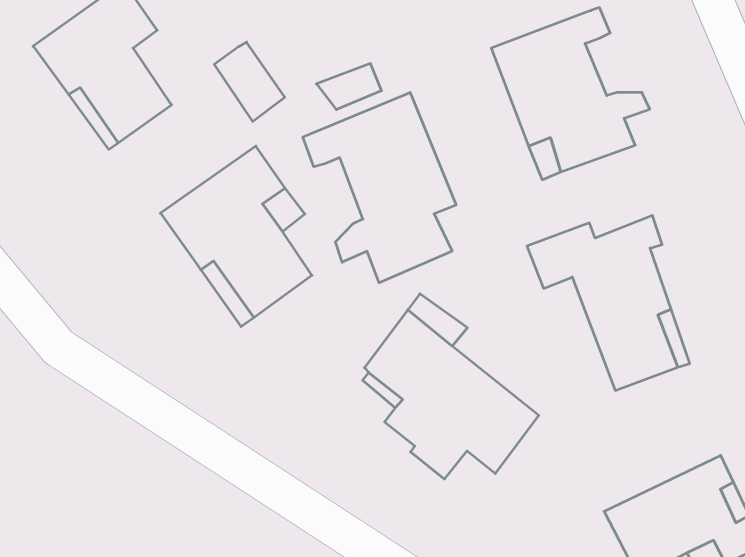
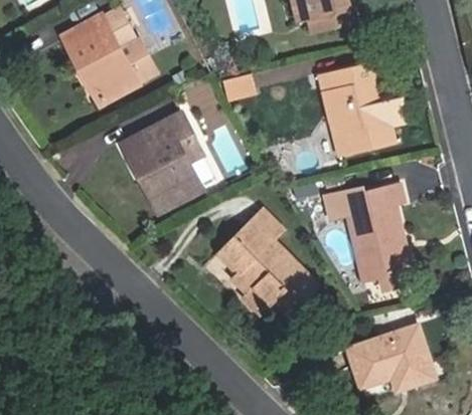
building: [214,42,285,121] -> [118,37,155,82]
building: [303,92,456,283] -> none

